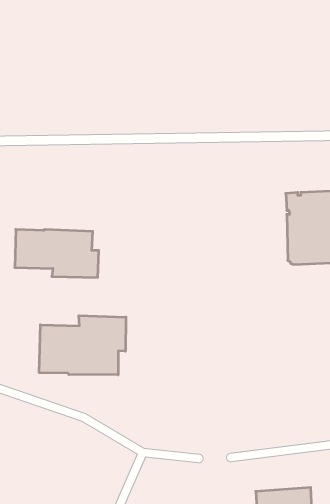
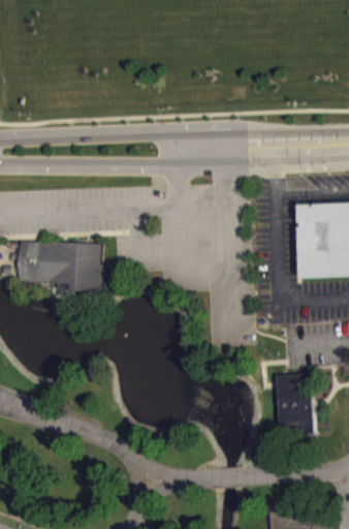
building: [39,316,126,375] -> none
building: none -> [276,374,312,437]

